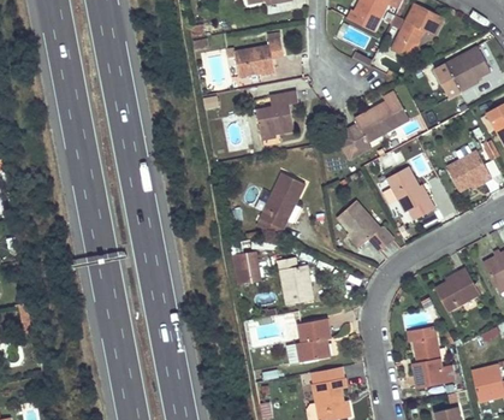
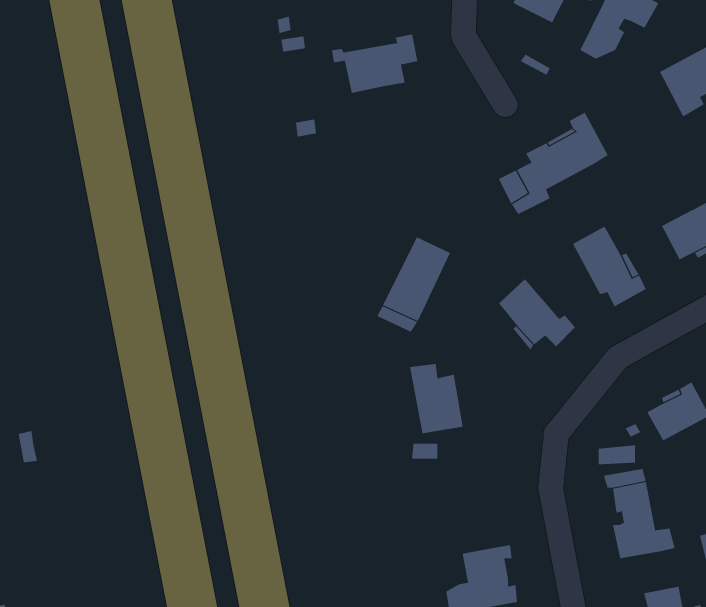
building: [256,91,298,138] -> none
building: [232,250,261,284] -> none
building: [298,319,330,361] -> none

